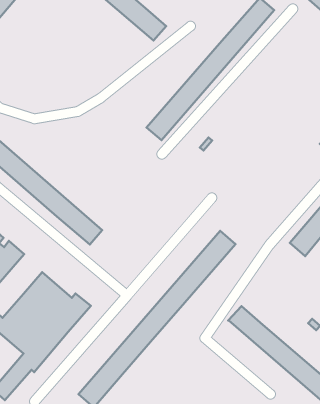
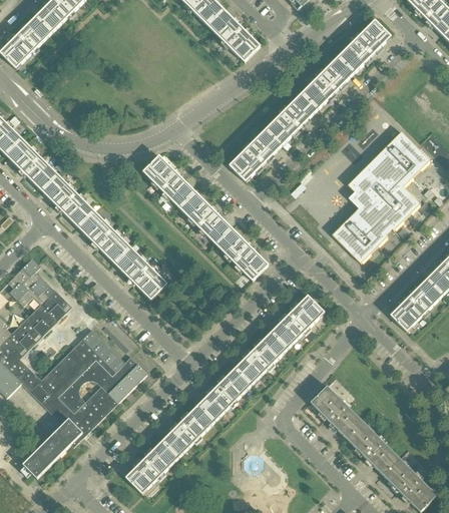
building: none -> [332,130,430,262]
building: none -> [142,154,269,280]

